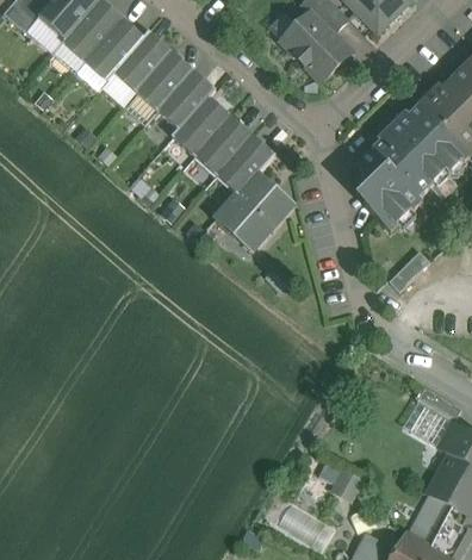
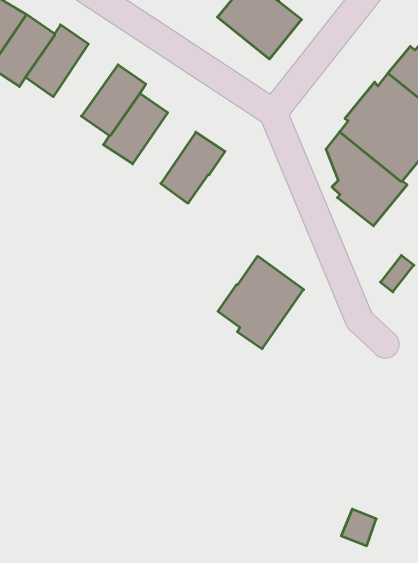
building: [136,50,193,110] -> none
building: [195,116,251,174] -> none
building: [219,172,293,249] -> [218,257,304,349]

